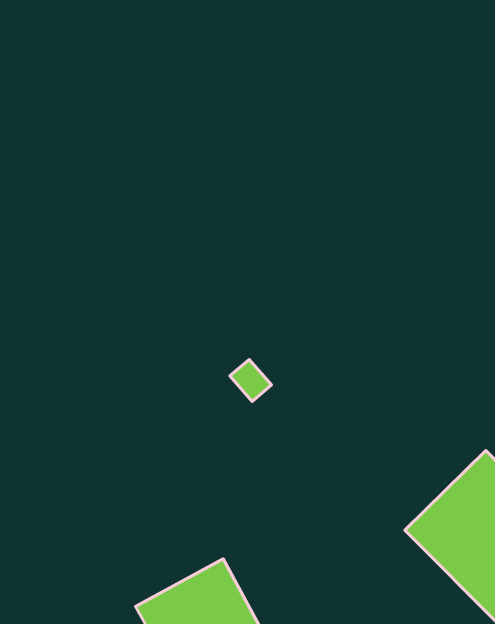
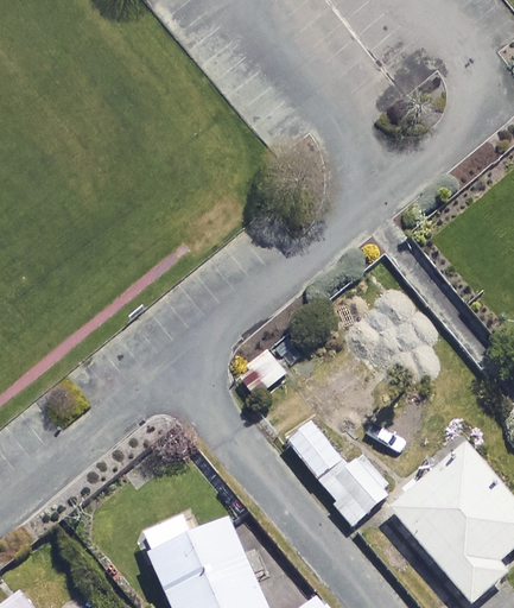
building: none -> [288,420,392,522]

